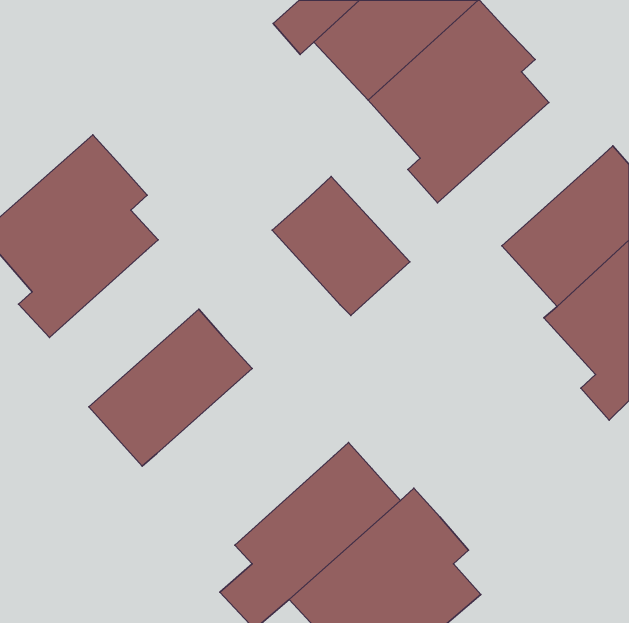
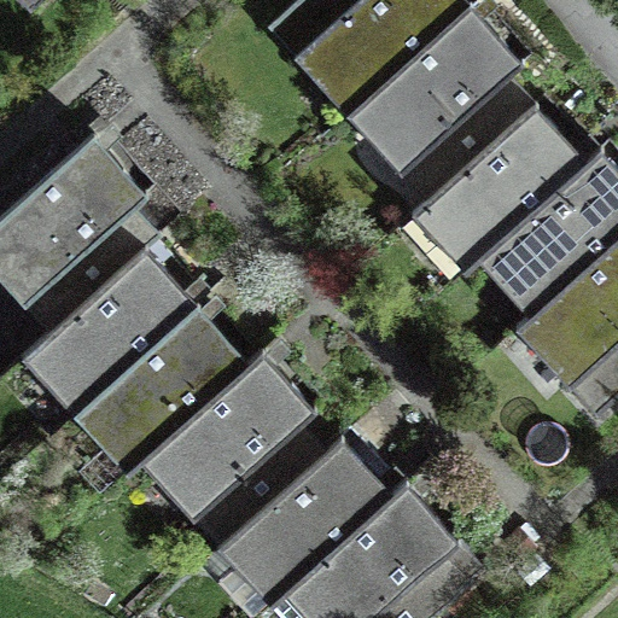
building: none -> [400,109,585,286]
building: [272,176,410,316] -> none
building: none -> [36,253,194,406]
building: none -> [153,356,326,550]

